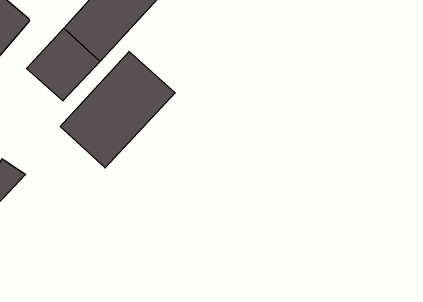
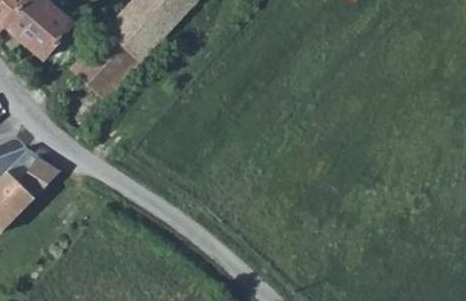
building: [60,51,175,168] -> none

